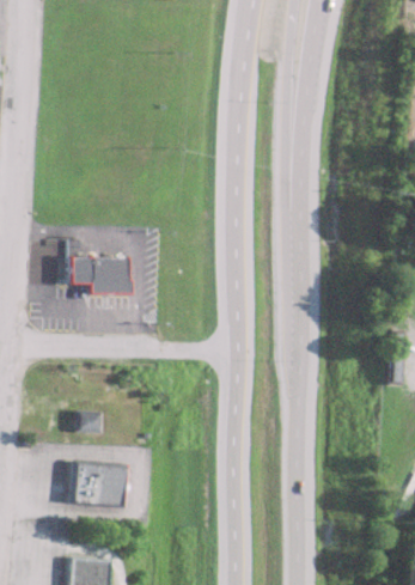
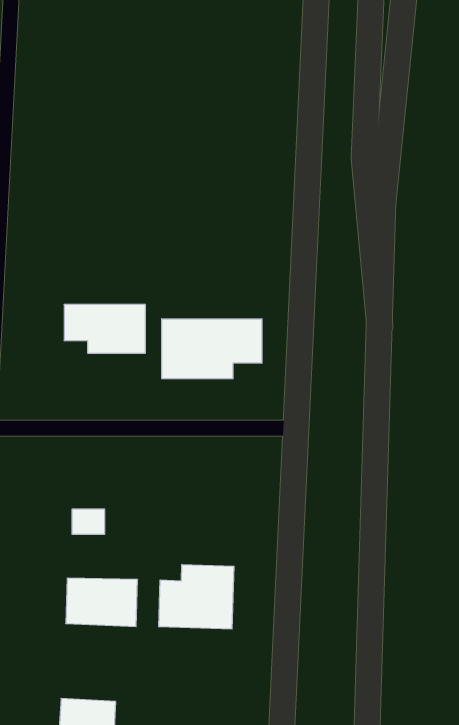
building: none -> [162,319,262,379]
building: none -> [159,564,234,629]

